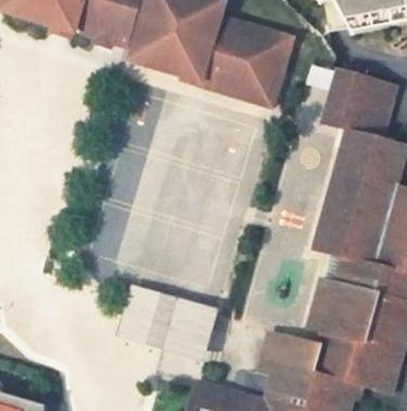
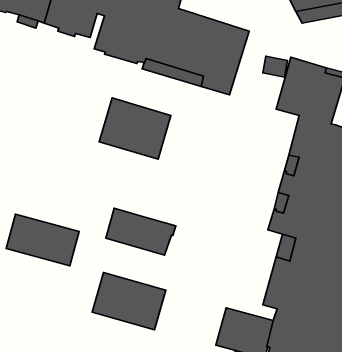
building: none -> [99,98,171,159]
building: none -> [106,208,176,255]
building: none -> [6,214,79,266]

